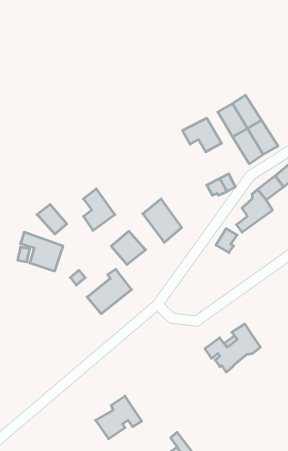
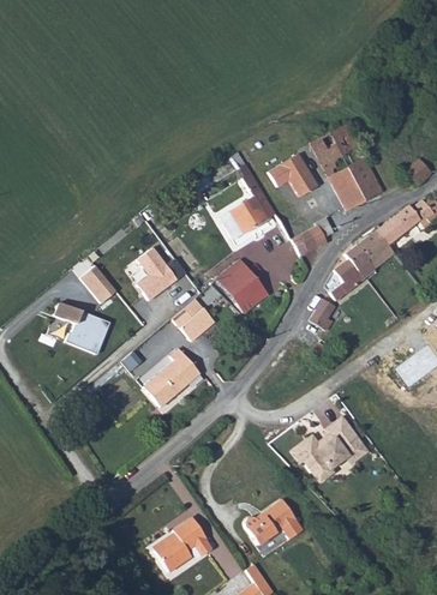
building: none -> [226,164,274,234]
building: none -> [250,494,310,541]

